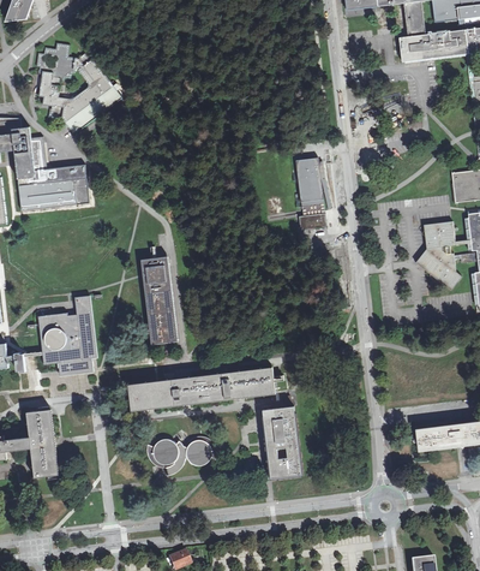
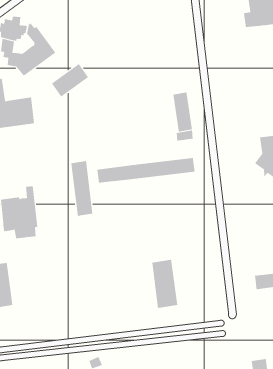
building: none -> [51,63,89,98]
building: [128,370,275,409] -> [97,157,195,183]
building: [146,439,218,475] -> none

